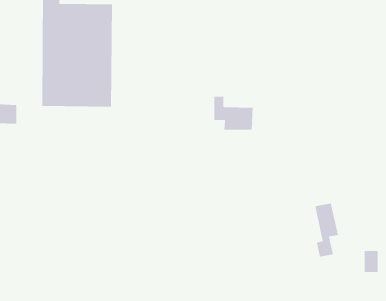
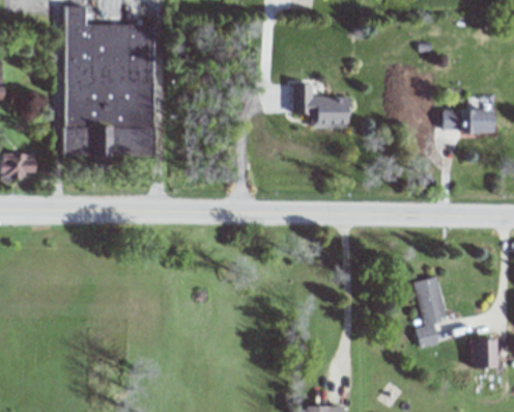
building: none -> [441,97,494,131]
building: [214,96,253,130] -> [299,83,350,127]

